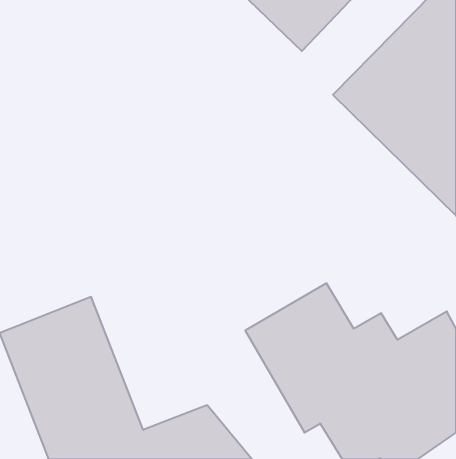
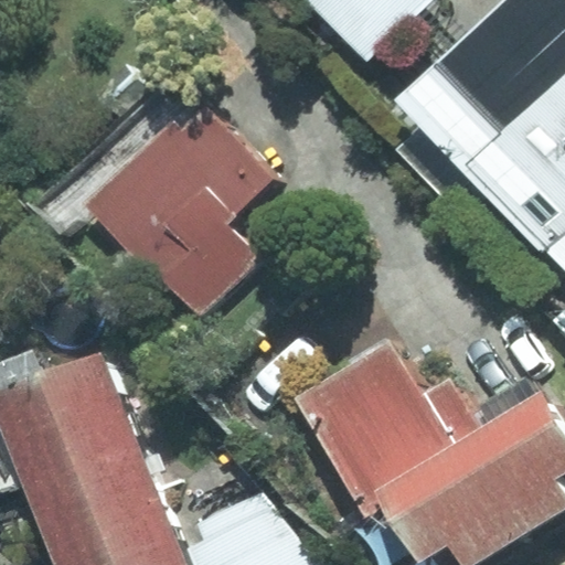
building: none -> [90,103,274,317]

